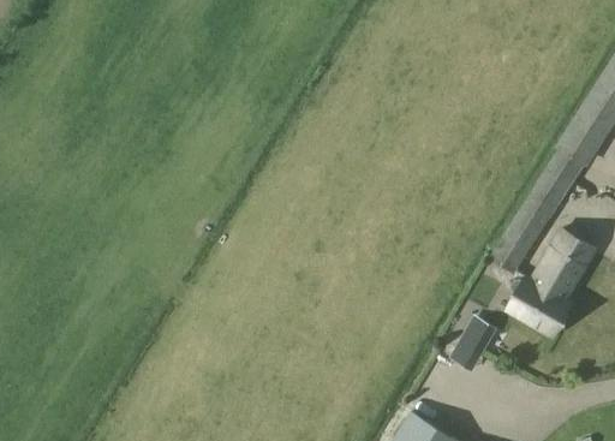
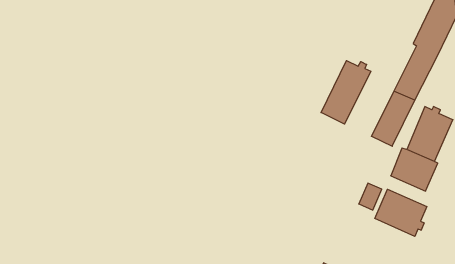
building: none -> [321,61,371,124]
building: none -> [375,189,427,236]

